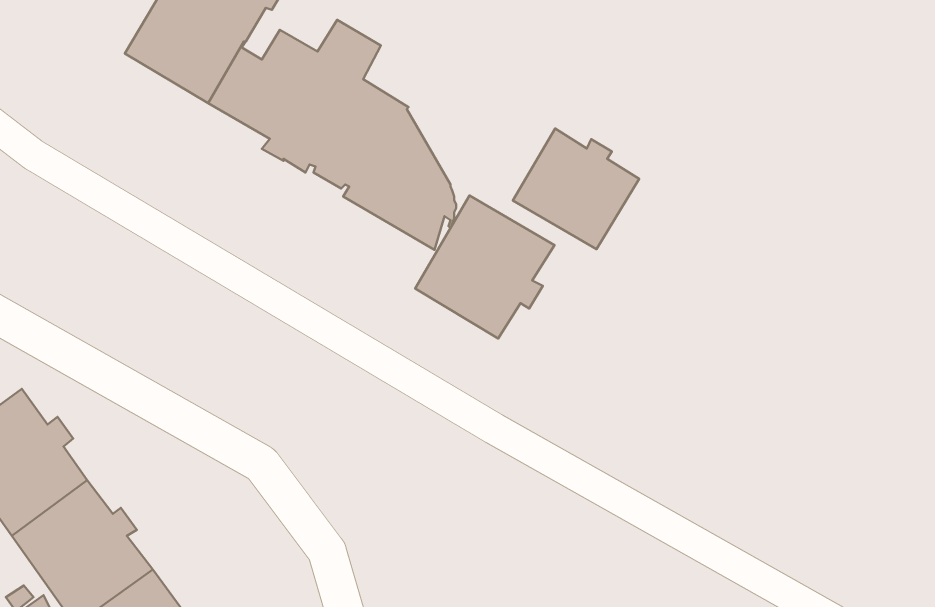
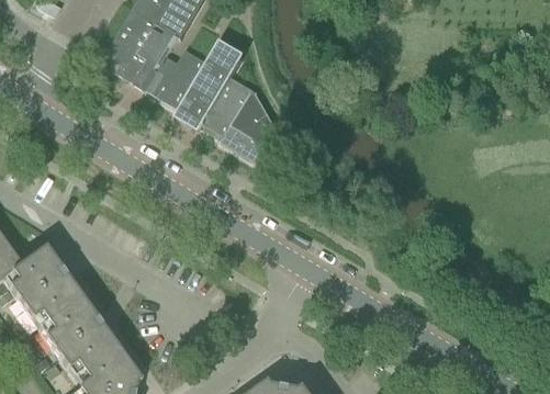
building: [513,128,639,249] -> none
building: [415,195,554,339] -> none

